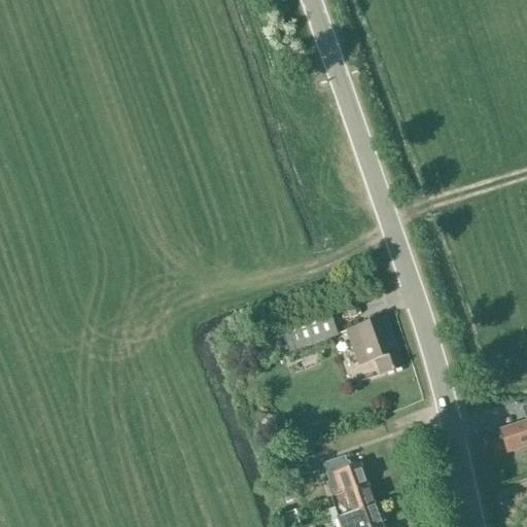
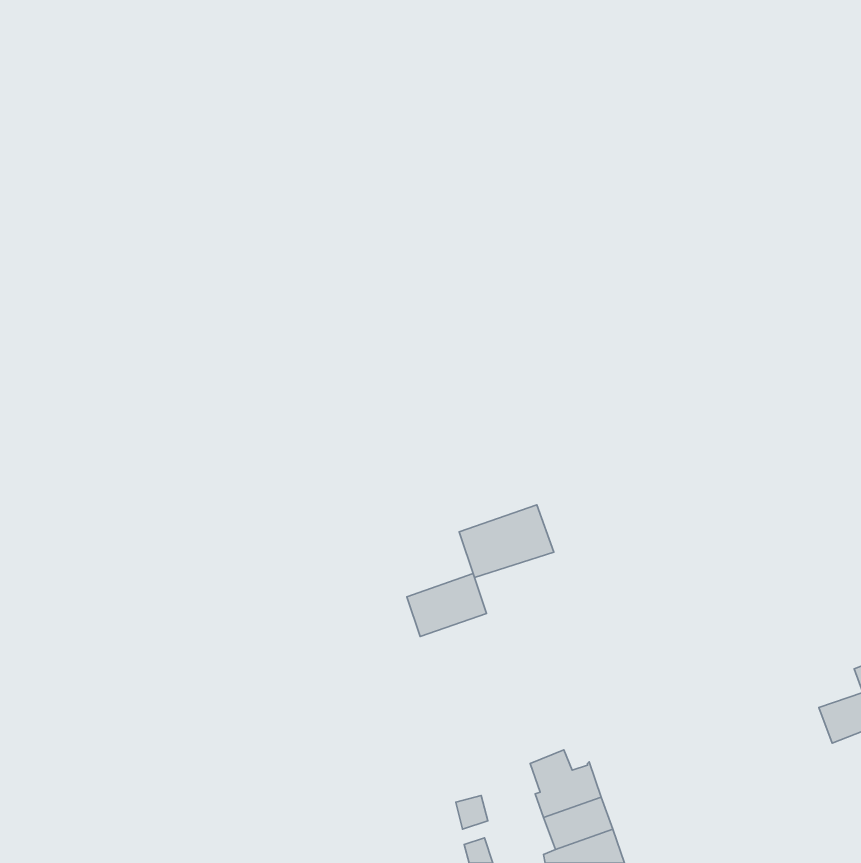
building: [348,318,402,375] -> none
building: none -> [407,574,486,637]

